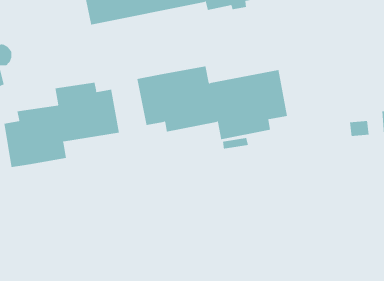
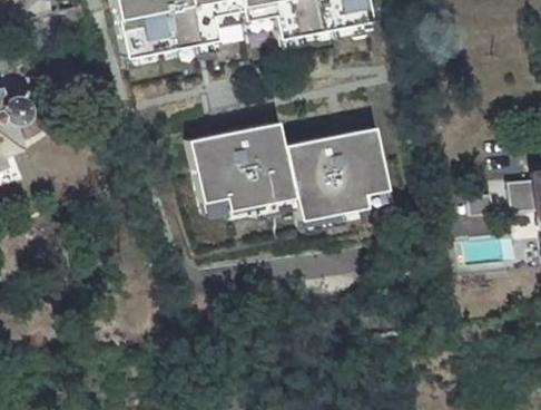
building: [4,82,119,168] -> none

